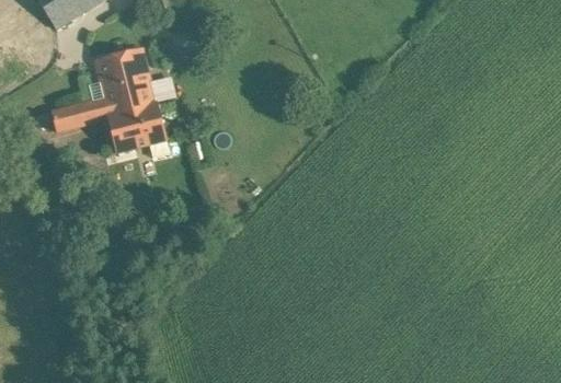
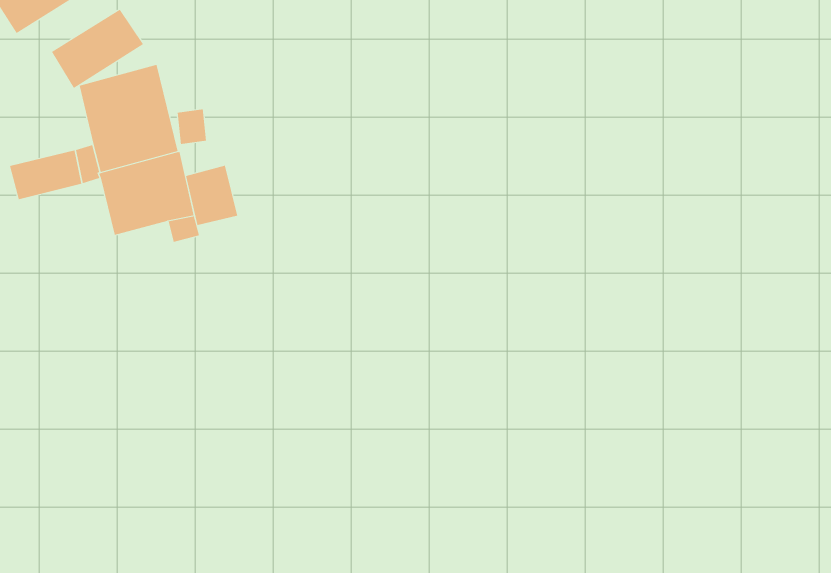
building: none -> [51,9,144,89]
building: none -> [186,165,238,226]

